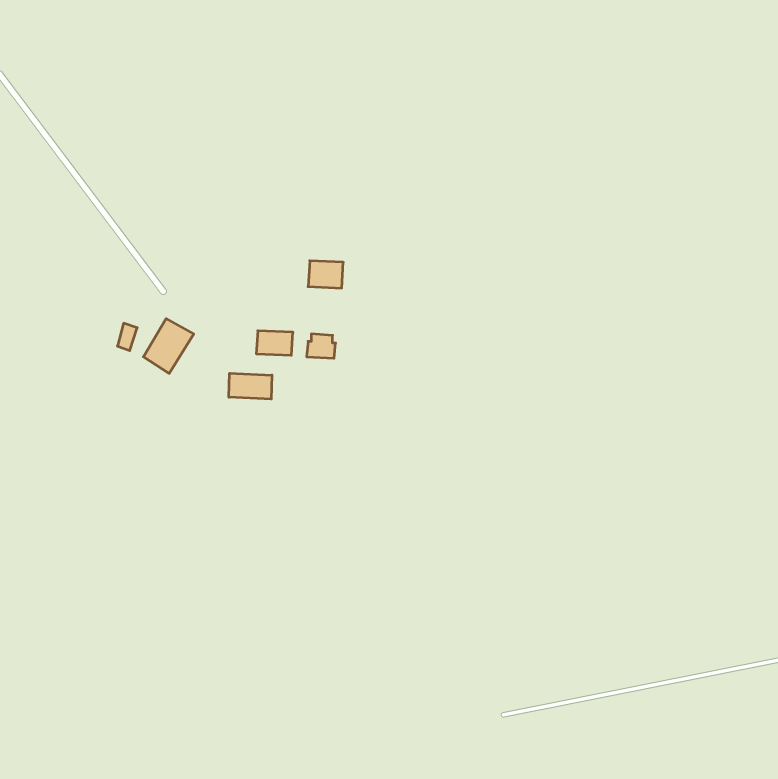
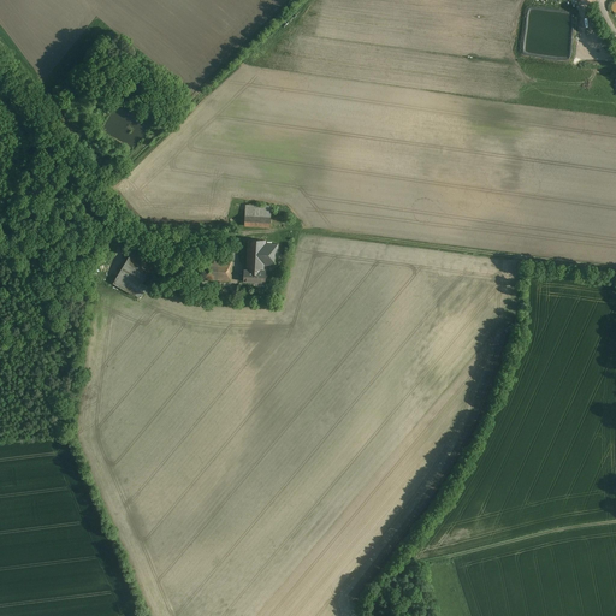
building: none -> [245,239,277,266]
building: [229,373,272,399] -> none

